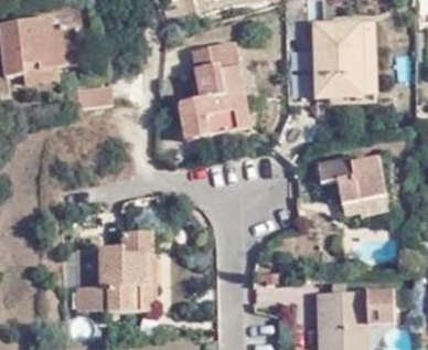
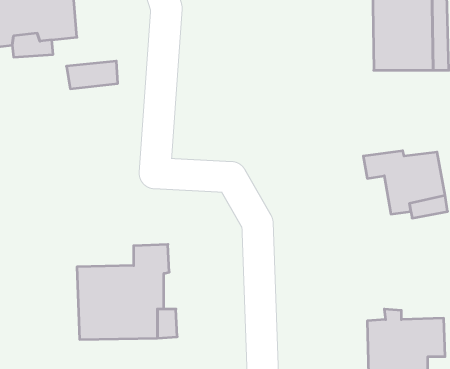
building: [180,45,253,142] -> none

